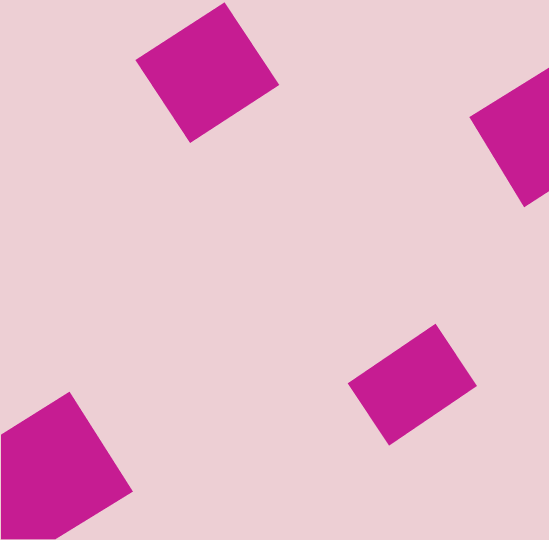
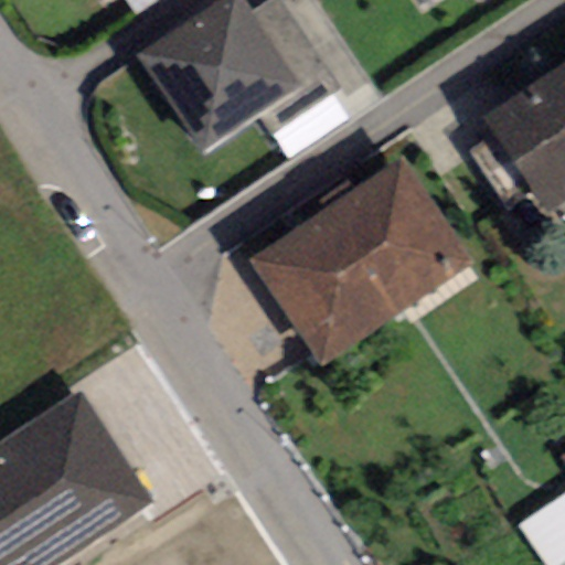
building: none -> [256,169,463,360]
building: [347,323,478,447] -> none

